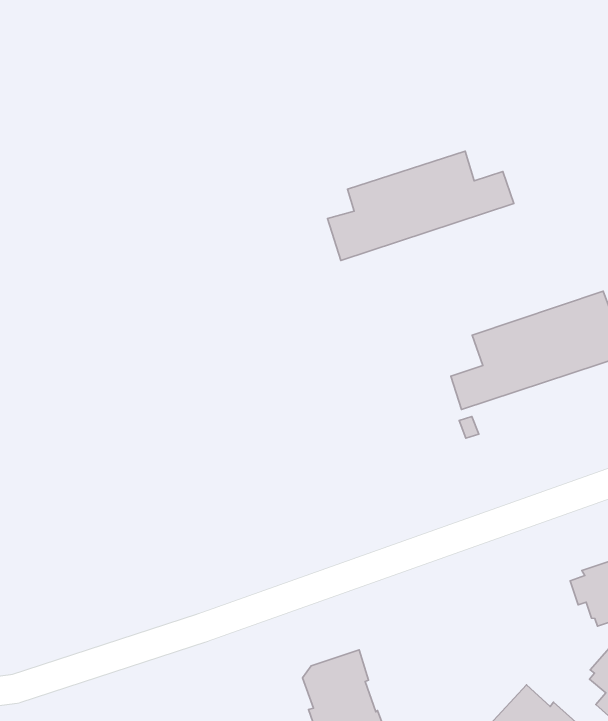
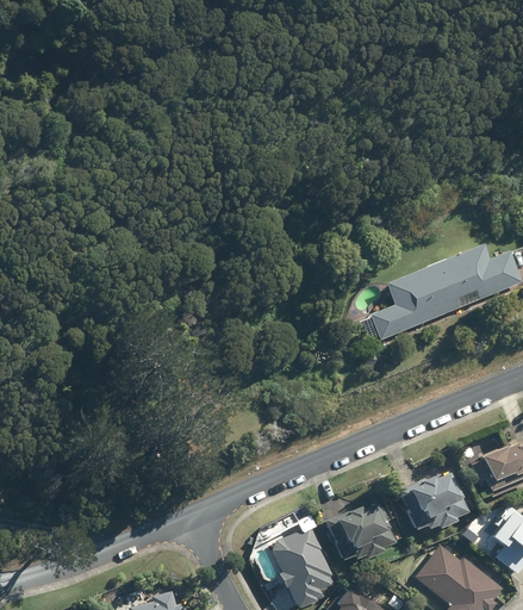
building: [328,151,514,260] -> none
building: none -> [400,473,468,529]
building: none -> [326,504,396,561]

